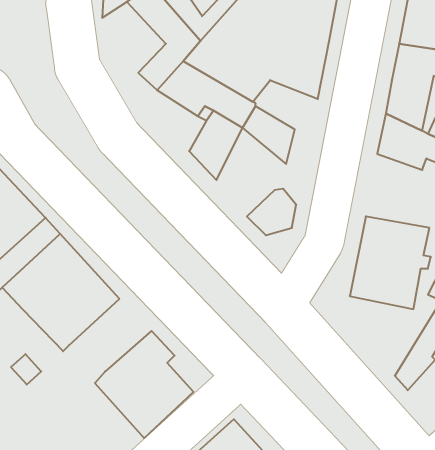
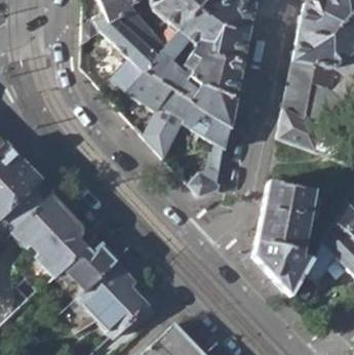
building: none -> [191,86,237,149]
building: none -> [255,239,313,295]
building: none -> [61,241,119,292]

